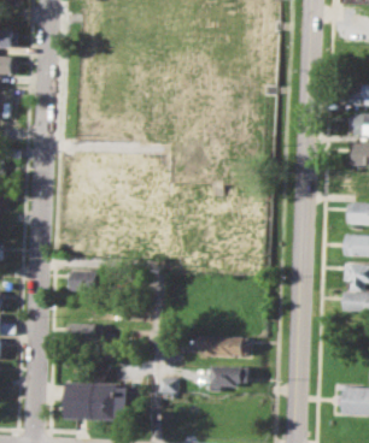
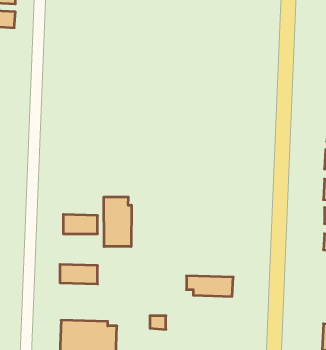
building: none -> [104,197,131,247]
building: [210,365,250,391] -> none

